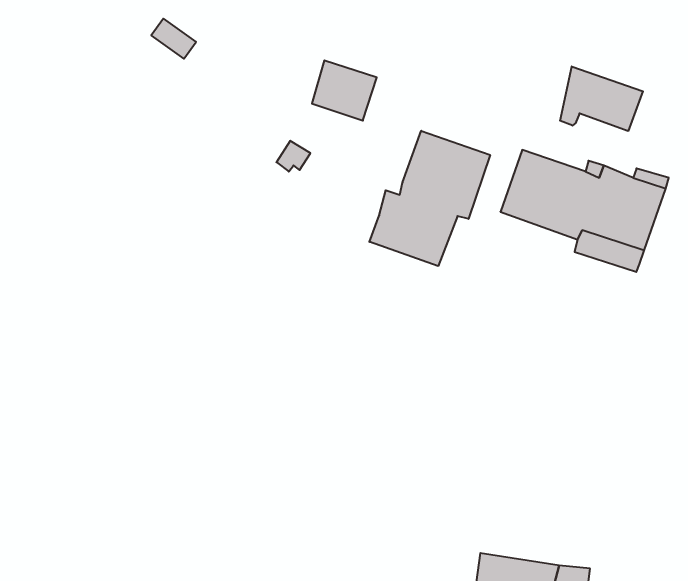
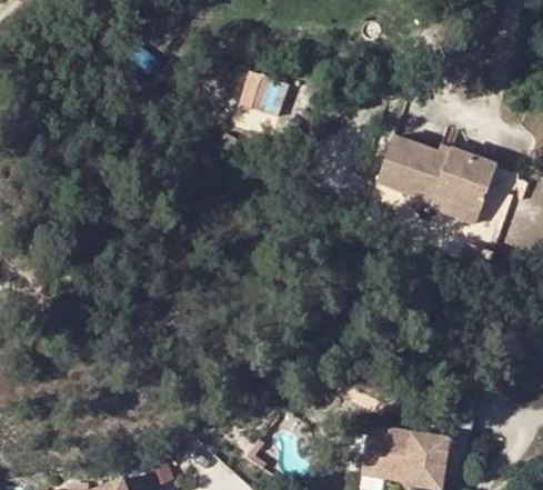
building: [560,66,643,131] -> none
building: [369,131,490,266] -> none

